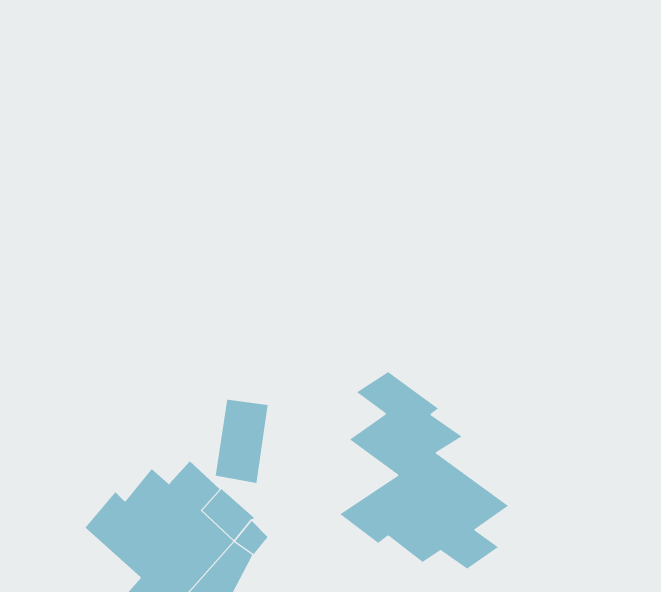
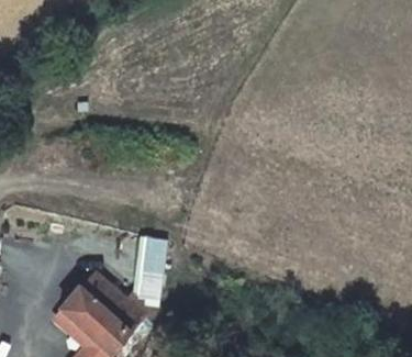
building: [339,371,509,570] -> none

